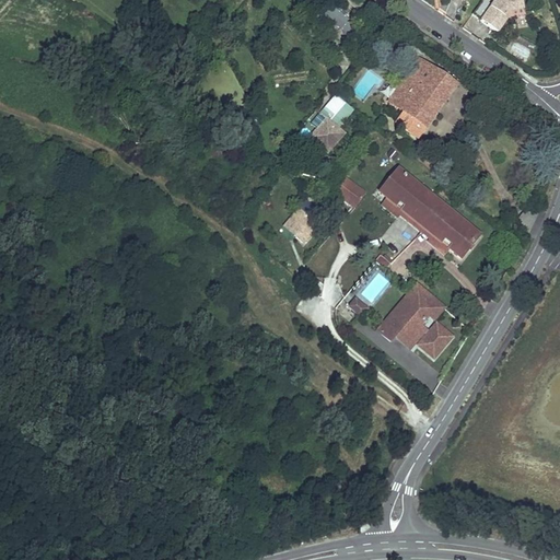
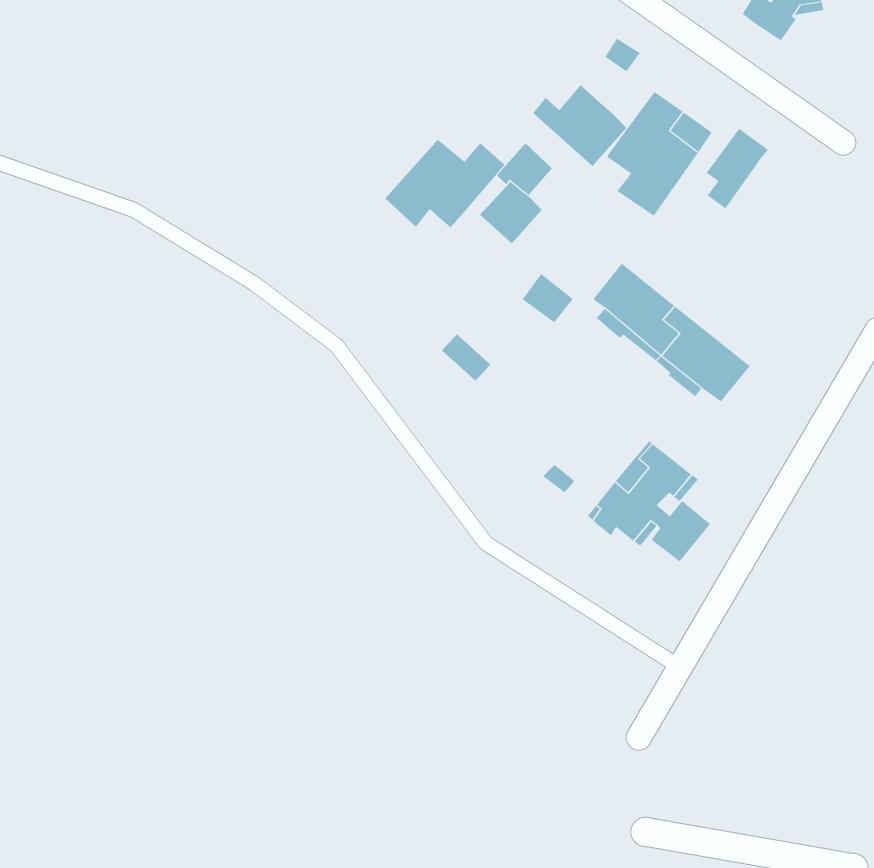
building: none -> [532,84,627,167]
building: none -> [706,128,769,209]
building: none -> [384,139,505,228]

